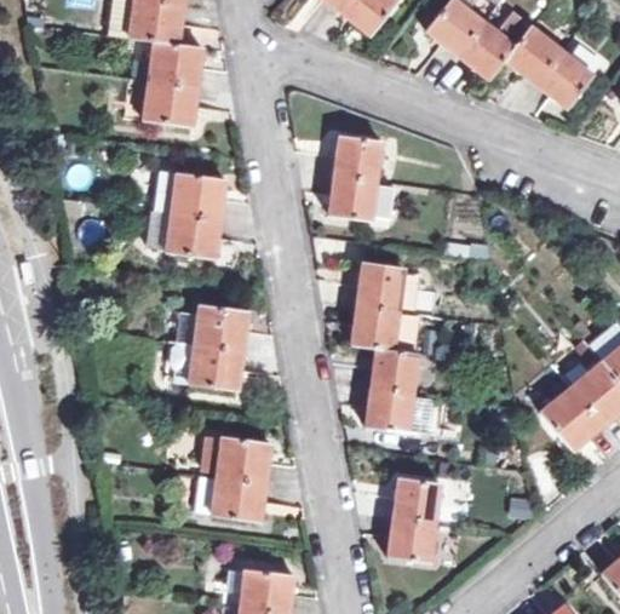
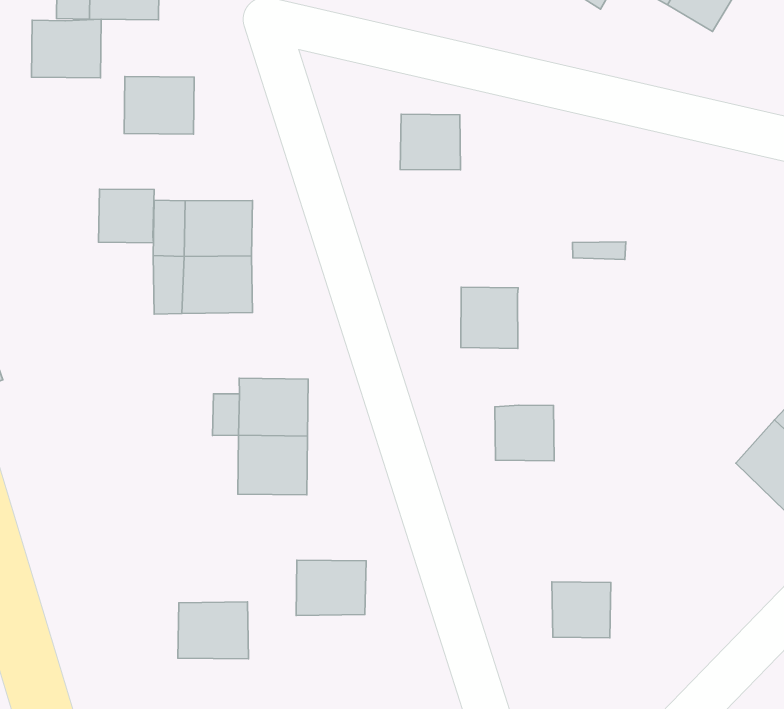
building: [149,41,203,88] -> [31,19,101,78]
building: none -> [98,189,154,243]
building: [328,173,375,220] -> none
building: [352,304,398,350] -> none
building: [366,386,435,432] -> none
building: [211,476,265,522] -> [178,602,249,659]
building: [390,516,435,562] -> none

